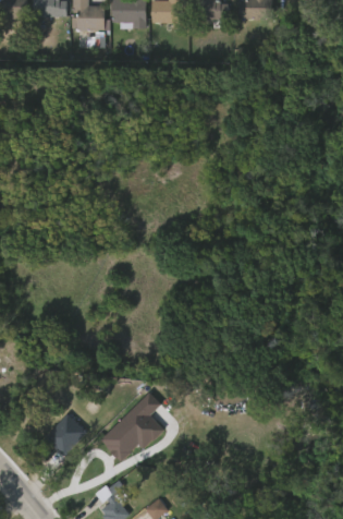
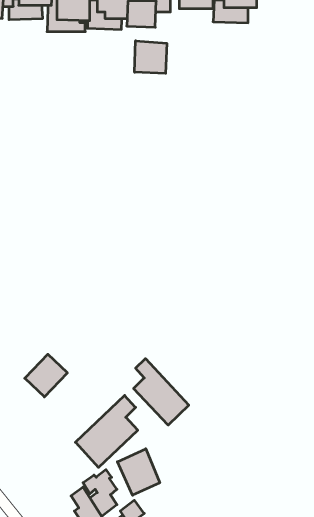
building: none -> [135,41,167,73]
building: none -> [134,359,189,425]
building: [41,415,84,458] -> [25,354,67,397]
building: none -> [117,449,160,495]

